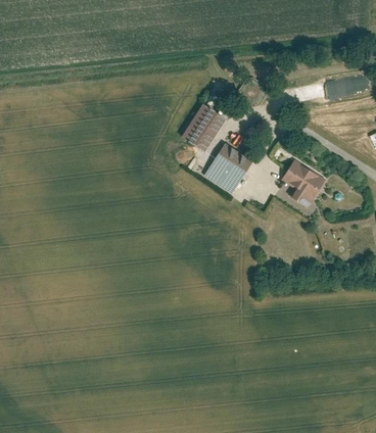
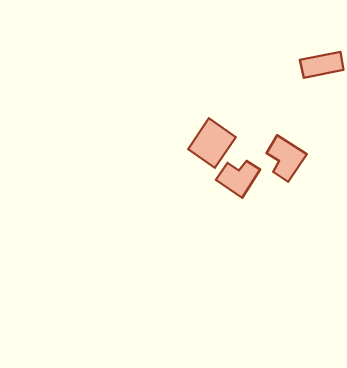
building: [184,104,226,151] -> none
building: none -> [216,161,260,198]

